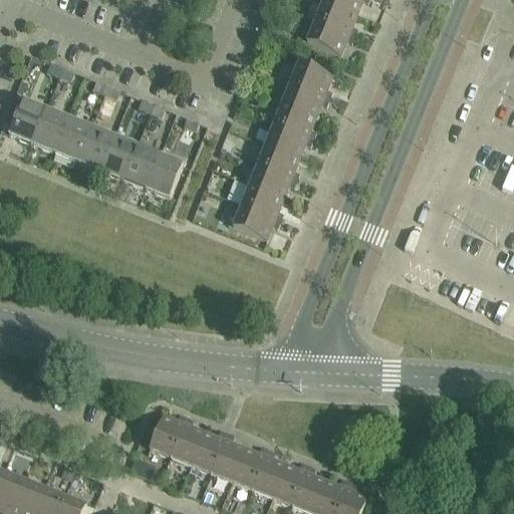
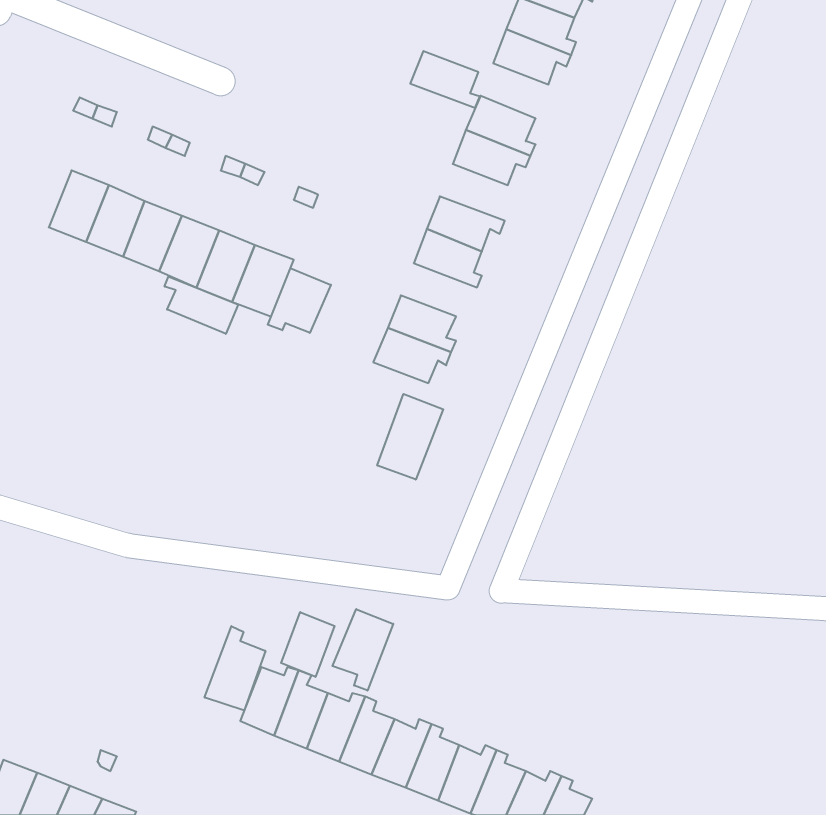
building: [7,96,44,141] -> none
building: [272,101,315,137] -> [410,51,480,108]
building: [248,163,295,196] -> none
building: none -> [268,268,331,333]
building: none -> [165,276,238,334]
building: none -> [377,394,443,480]
building: none -> [332,609,393,691]
building: none -> [281,612,335,677]
building: none -> [205,626,265,710]

